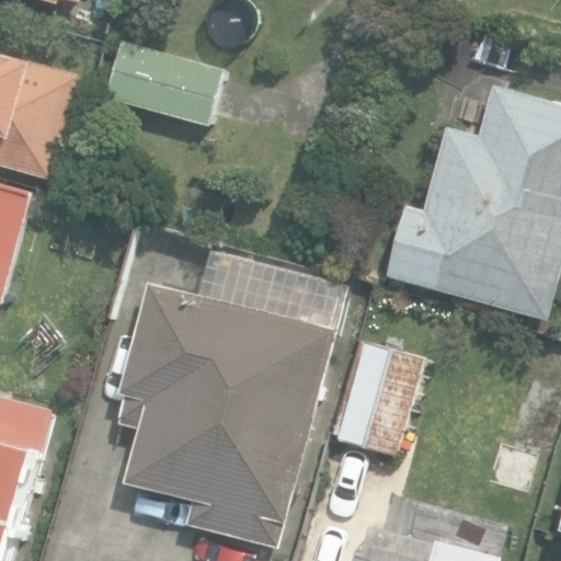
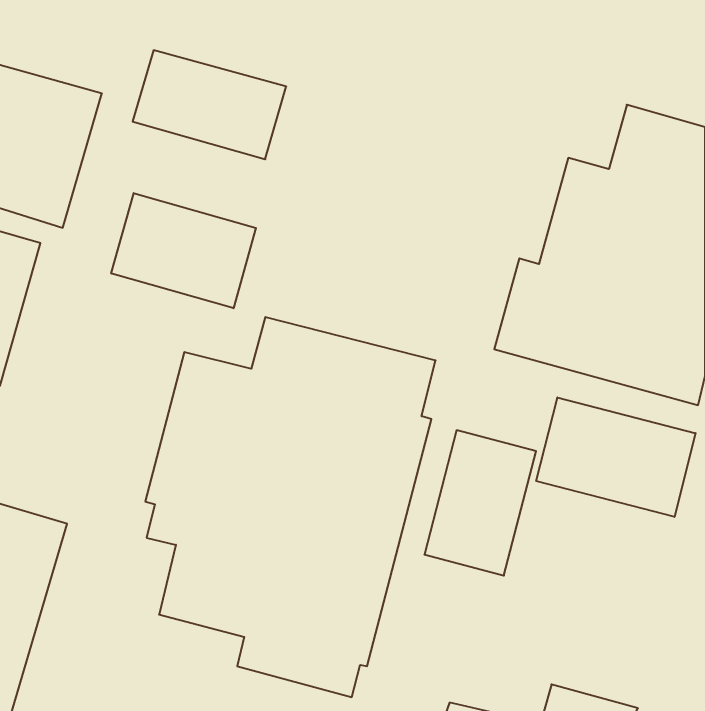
building: none -> [111,193,256,308]
building: none -> [536,397,696,517]

